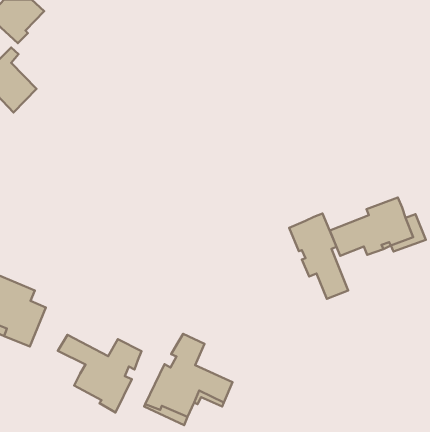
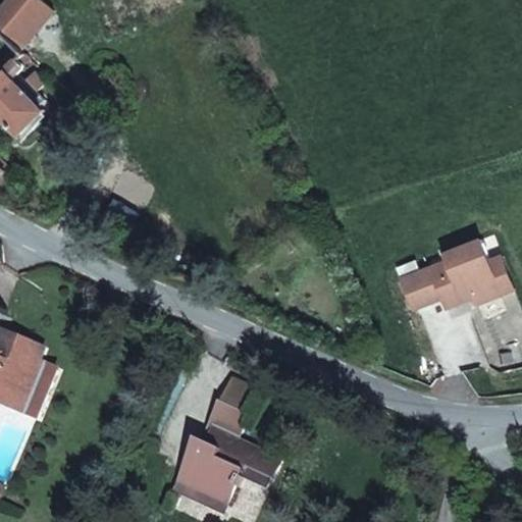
building: [289,214,348,299] -> none
building: [58,335,141,412] -> none

